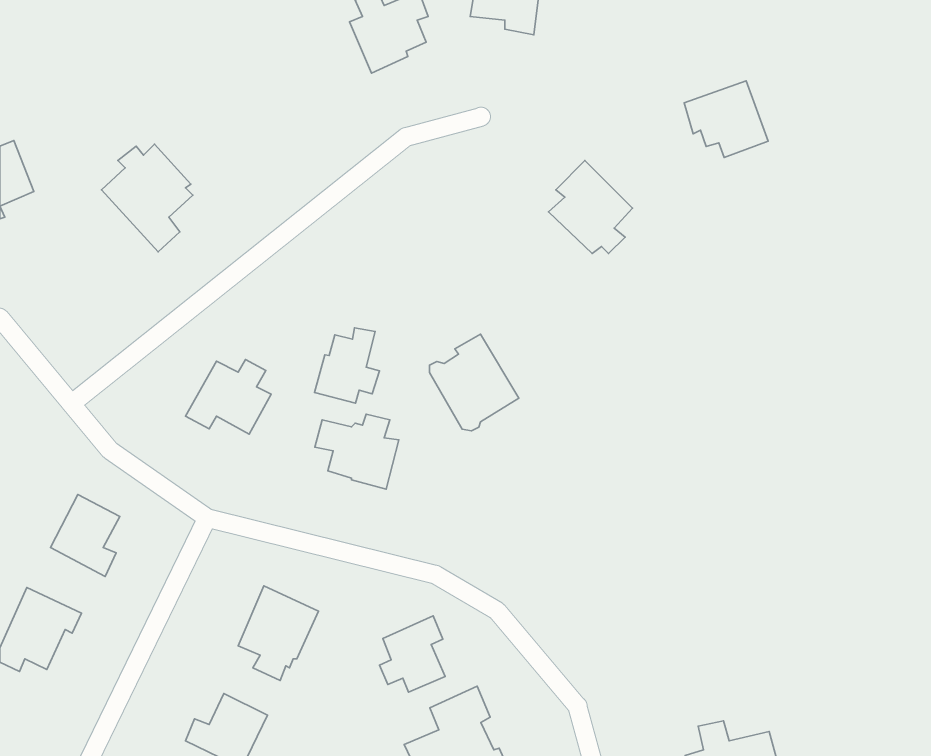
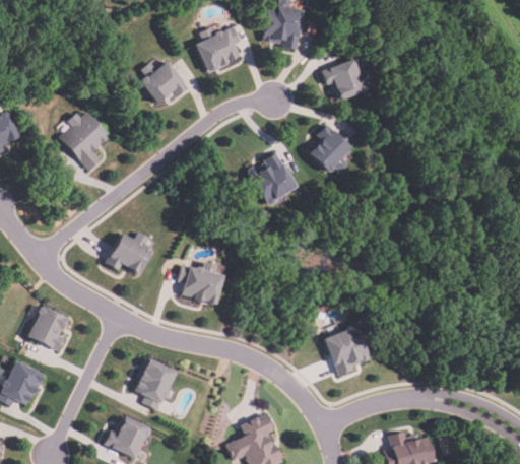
building: none -> [141,59,190,105]
building: [684,81,768,158] -> [321,57,368,100]
building: [314,328,379,403] -> none
building: [429,334,519,431] -> [248,151,298,205]
building: none -> [323,324,368,375]
building: [379,616,445,692] -> none

